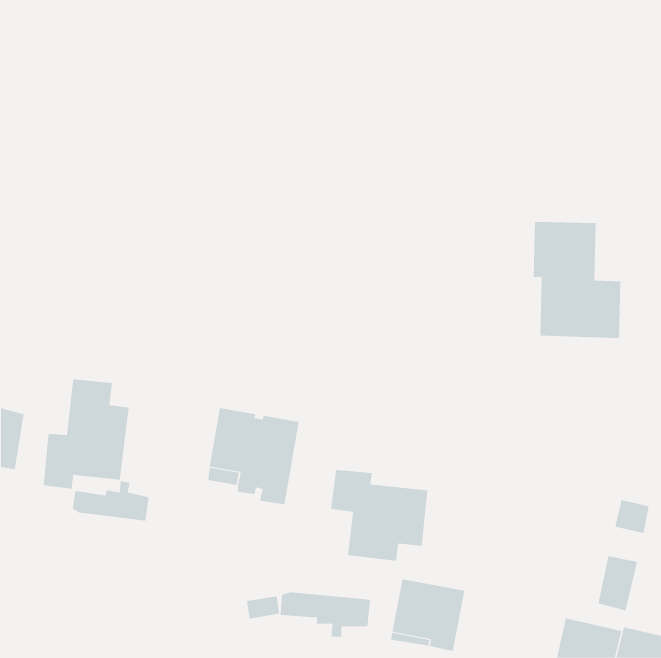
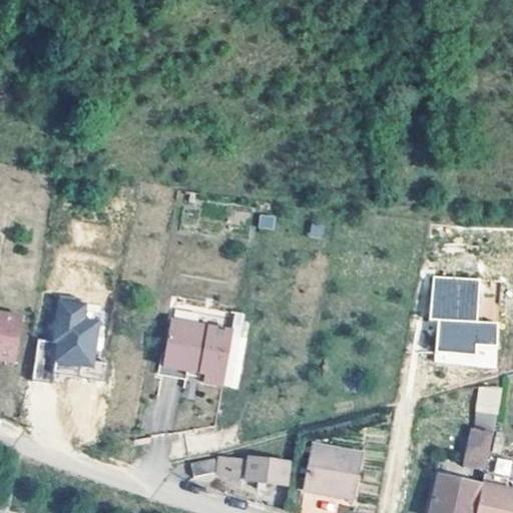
building: [533,222,621,338] -> [430,273,498,363]
building: [330,469,428,562] -> none
building: [72,480,149,522] -> none

